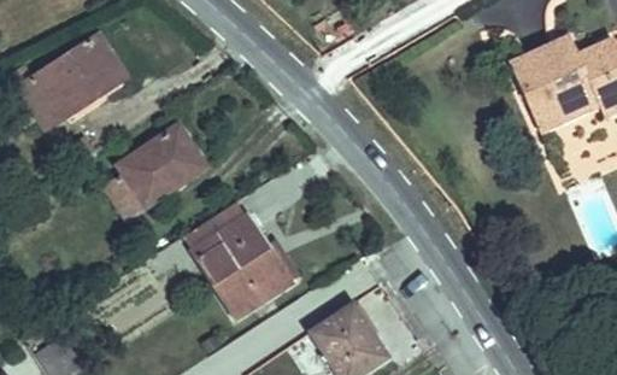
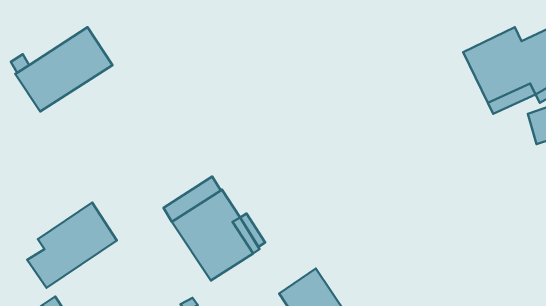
building: [105,124,205,219] -> [27,203,117,288]

